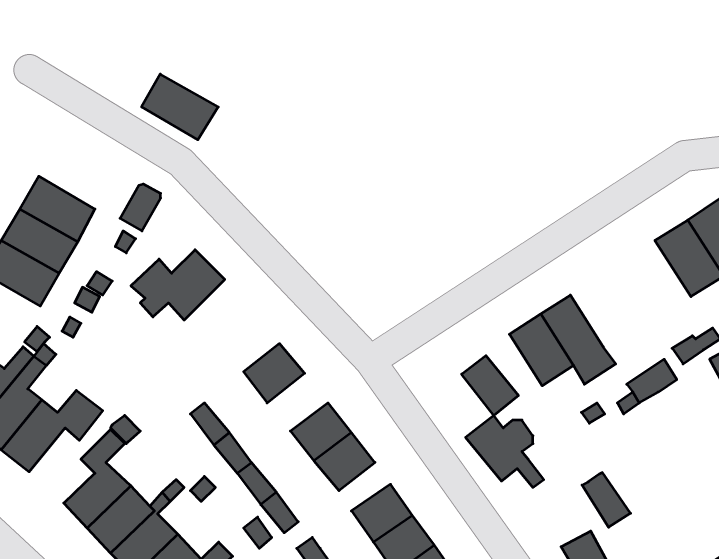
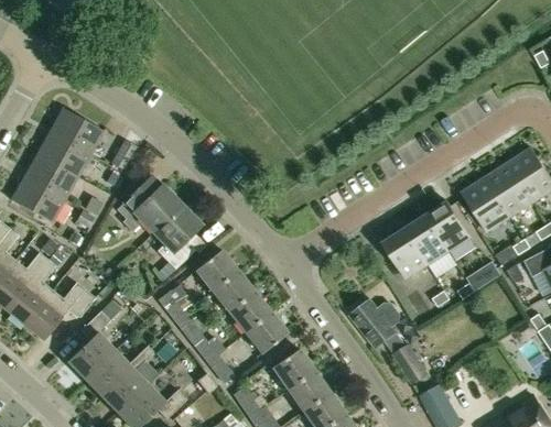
building: [142,74,218,140] -> [51,109,105,155]
building: none -> [461,177,510,232]
building: none -> [425,201,471,252]
building: none -> [153,205,202,270]
building: [462,356,518,415] -> none
building: none -> [212,271,255,311]
building: [582,473,631,527] -> [395,344,429,383]

